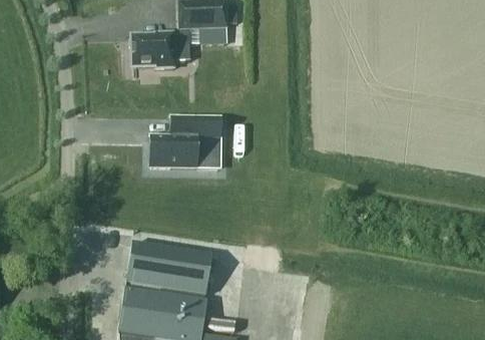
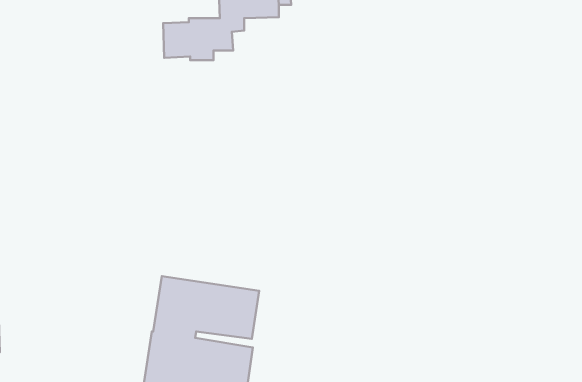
building: [150,115,219,165] -> none

